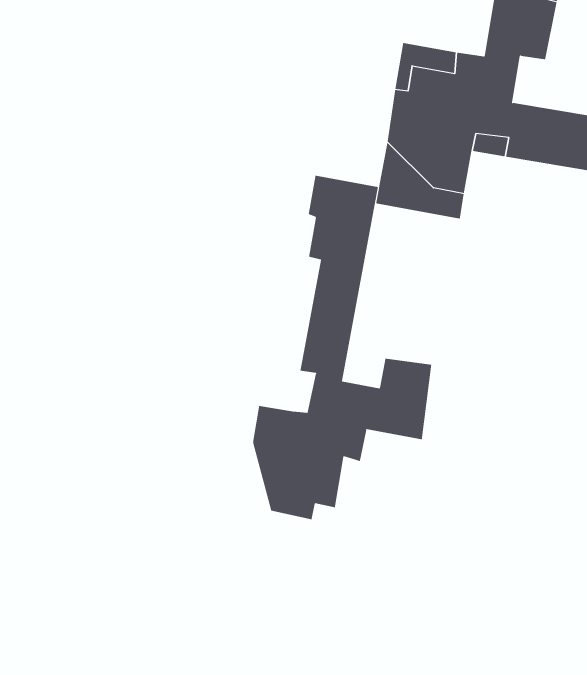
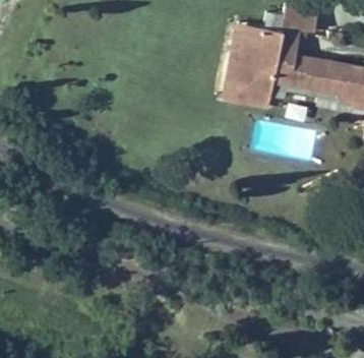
building: [253,175,432,520] -> none

